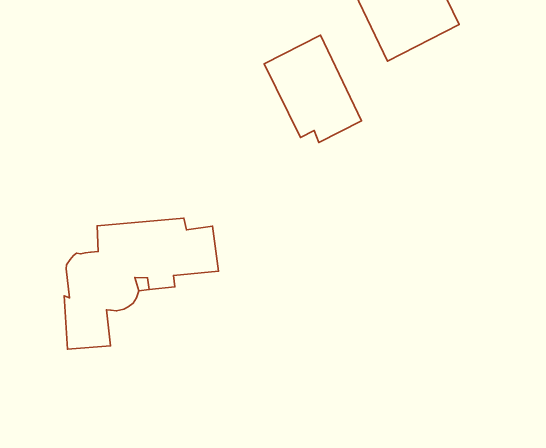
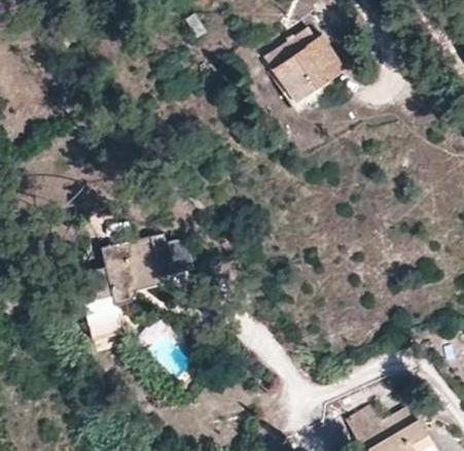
building: [264,35,361,143] -> none

